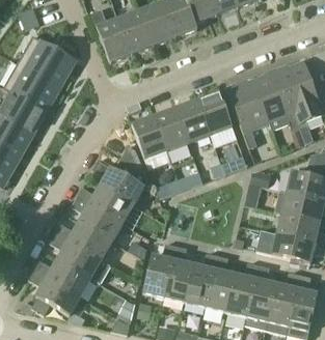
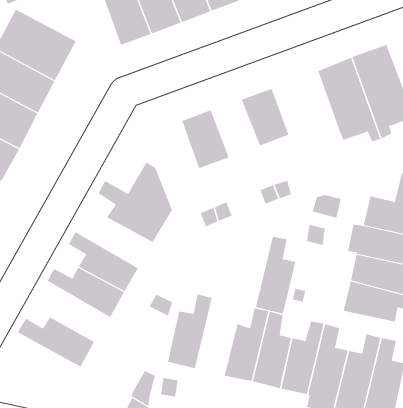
building: [226,80,268,148] -> none
building: [174,101,210,143] -> none
building: [131,116,169,169] -> none
building: [75,187,132,224] -> none
building: [48,233,110,284] -> none
building: [163,246,193,303] -> [255,236,296,314]
building: [27,271,79,315] -> none

